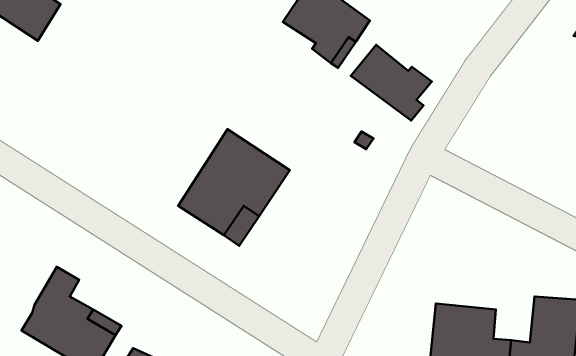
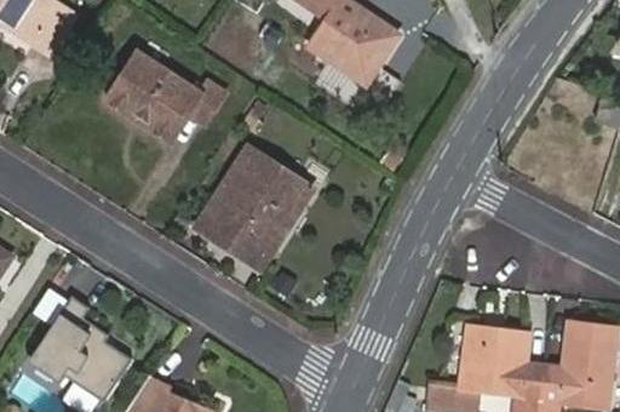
building: none -> [101,50,226,145]
building: [351,45,432,120] -> none

